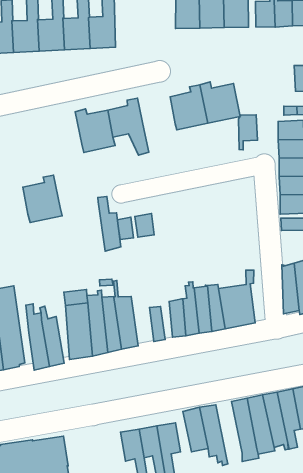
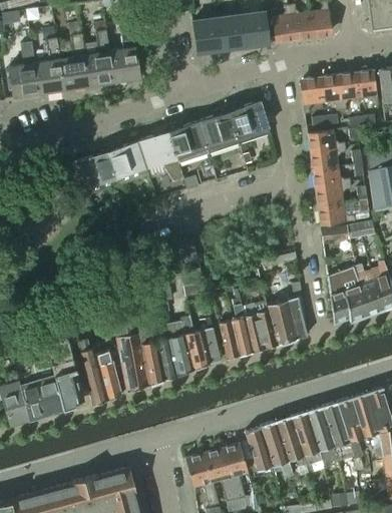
building: none -> [166,121,207,157]
building: [238,115,257,150] -> [301,77,322,113]
building: [23,175,62,222] -> [77,146,119,195]
building: [98,197,121,251] -> [180,317,209,371]
building: none -> [277,416,309,479]

